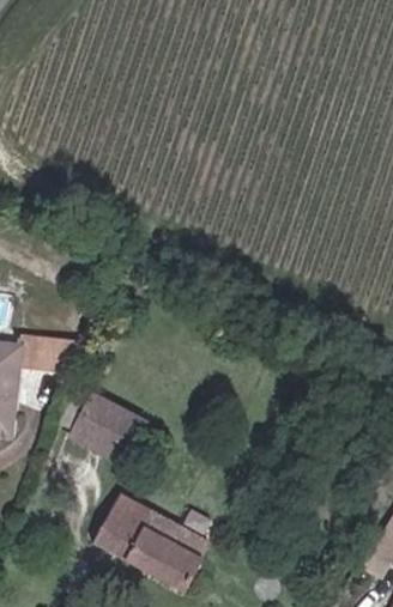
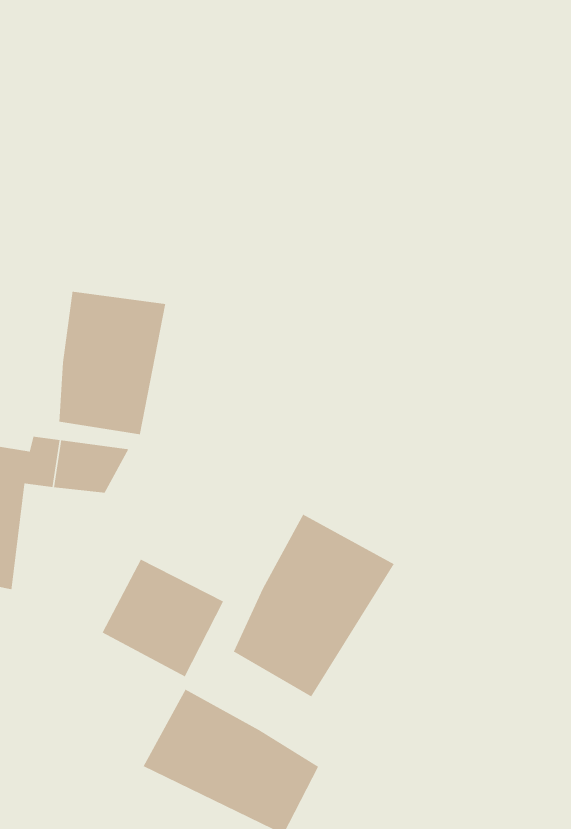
building: none -> [59,291,166,435]
building: none -> [233,514,395,697]

